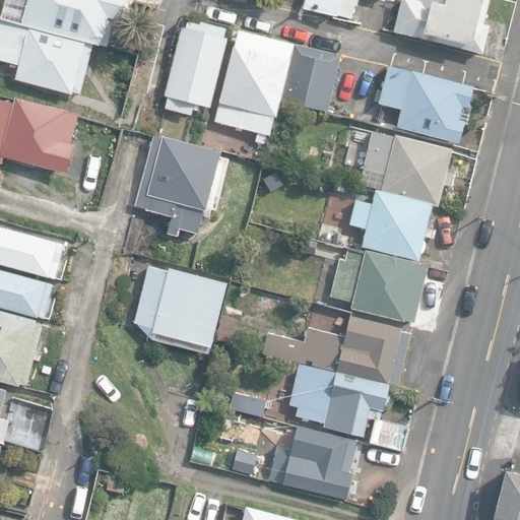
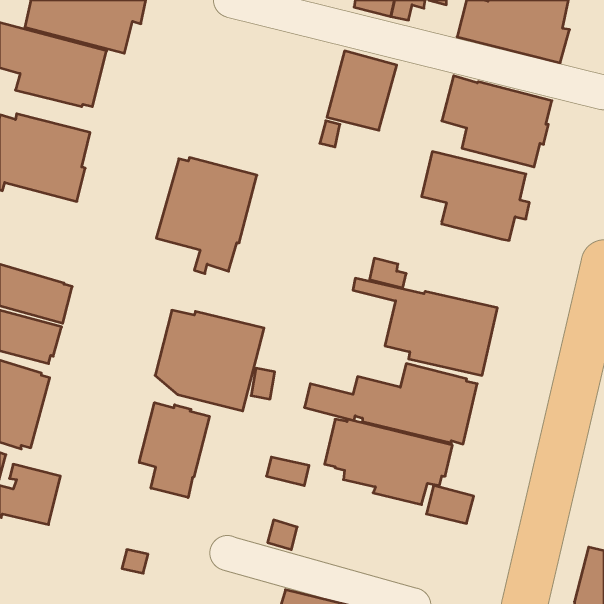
building: [164,21,228,116] -> none
building: [213,30,294,136] -> none
building: [348,190,433,261] -> none
building: none -> [139,403,209,498]
building: [267,426,355,501] -> none

